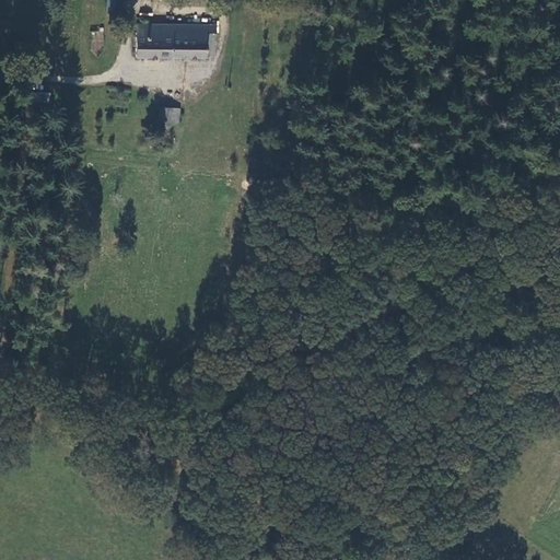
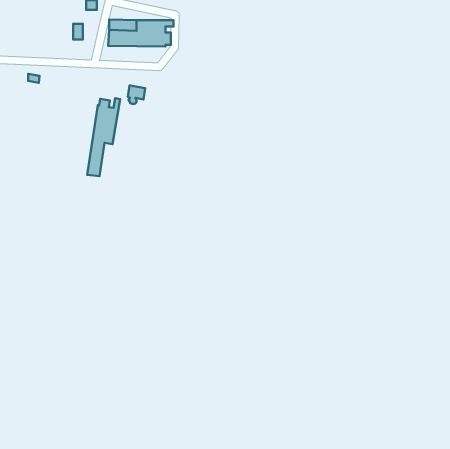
building: none -> [87,98,120,176]

